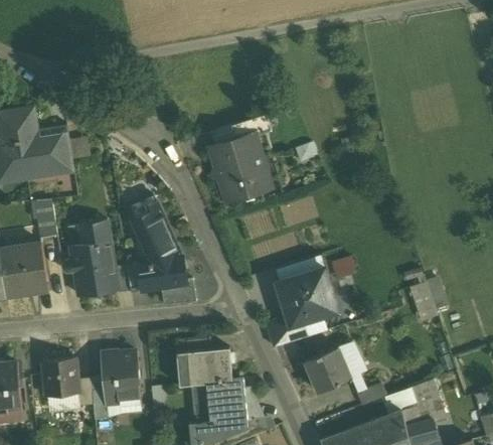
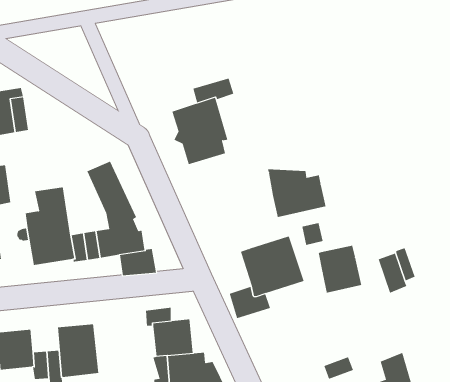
building: none -> [267,168,326,218]
building: none -> [318,245,362,294]
building: [304,348,350,394] -> none
building: [176,354,195,386] -> none

